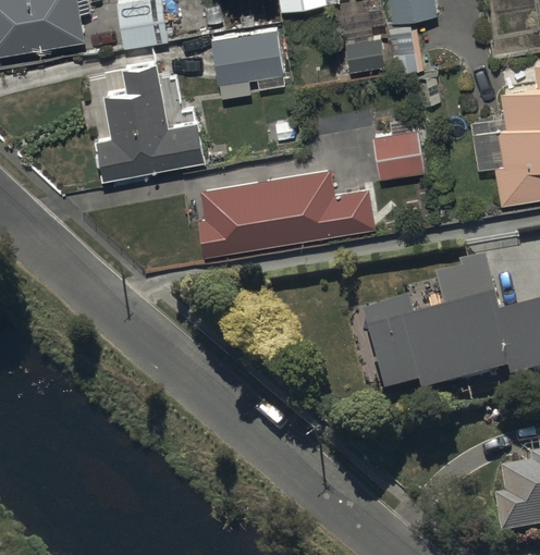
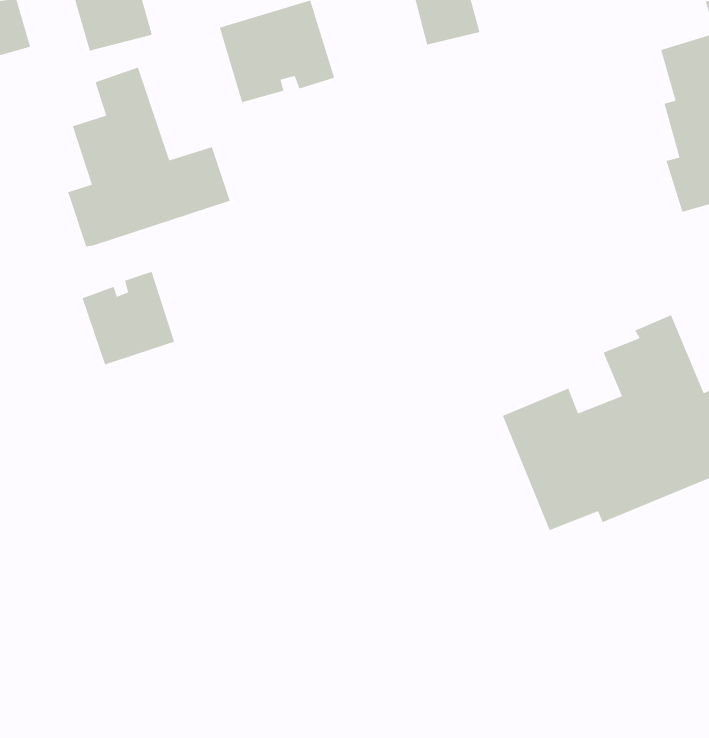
building: [371,128,424,178] -> none
building: [198,170,375,256] -> none
building: none -> [82,271,175,366]

